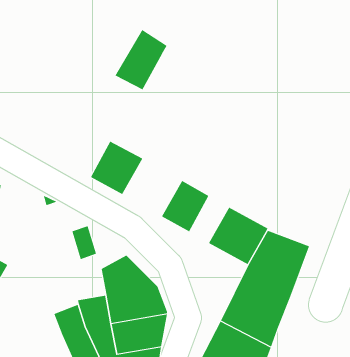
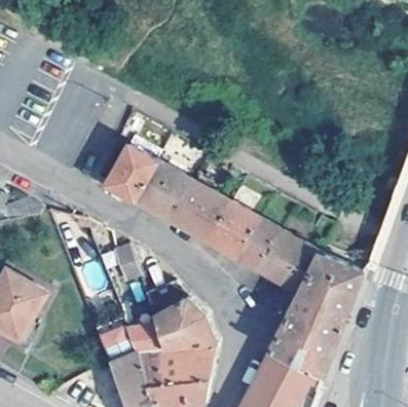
building: [114,29,168,90] -> [103,135,158,198]
building: none -> [166,179,228,239]
building: none -> [236,218,277,267]

